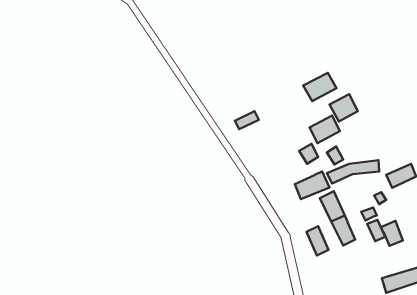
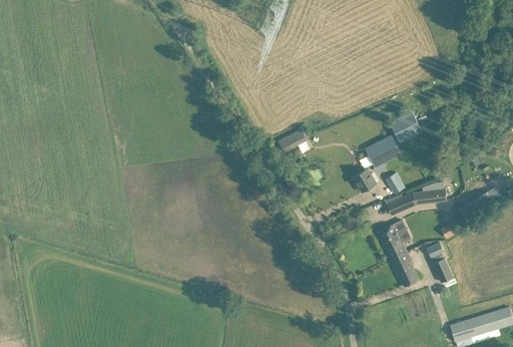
building: [303,73,337,101] -> none
building: [295,171,330,199] -> none
building: [381,221,403,246] -> none
building: [307,226,329,256] -> none

